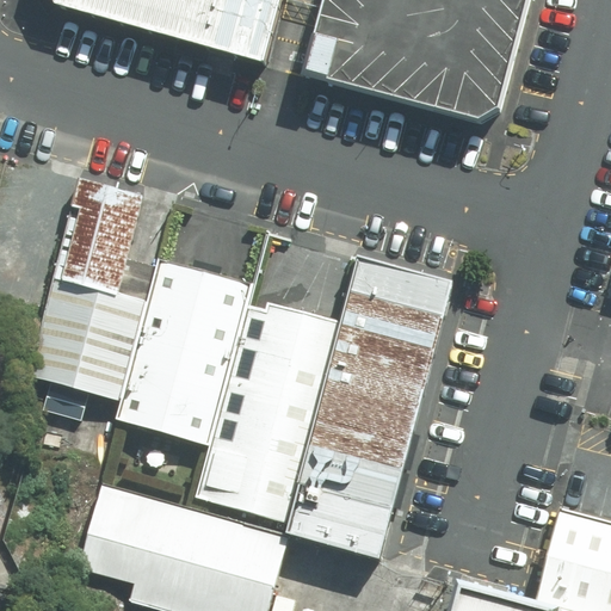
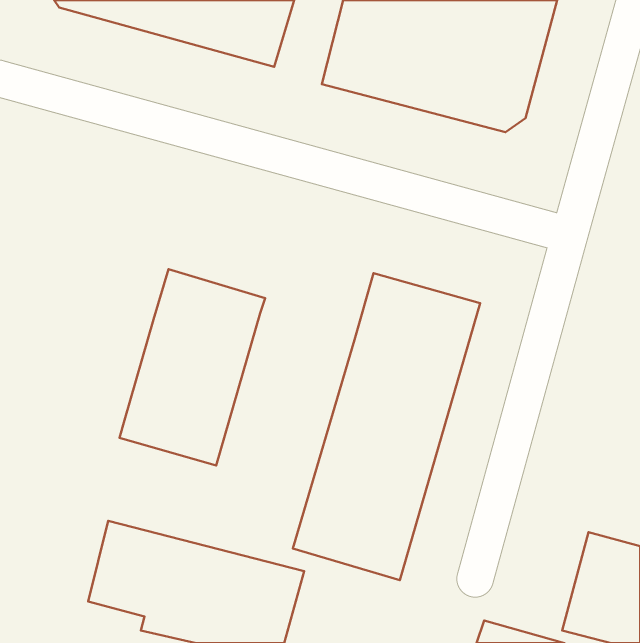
building: [21,178,146,399] -> none
building: [190,297,337,520] -> none

